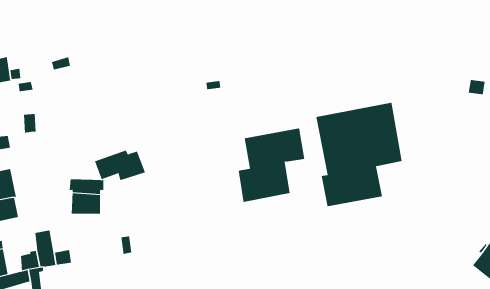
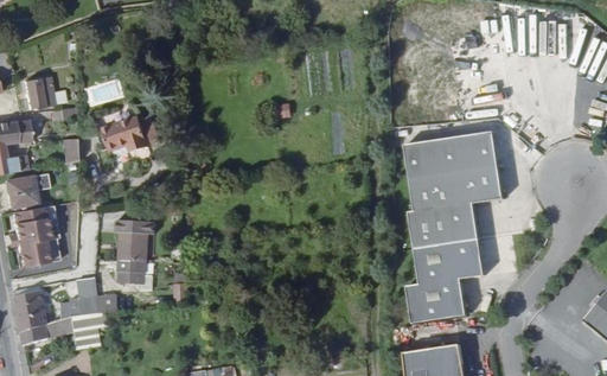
building: [238,128,305,203] -> [405,237,483,323]
building: [94,150,146,181] -> [100,116,159,152]
building: none -> [120,257,146,279]

